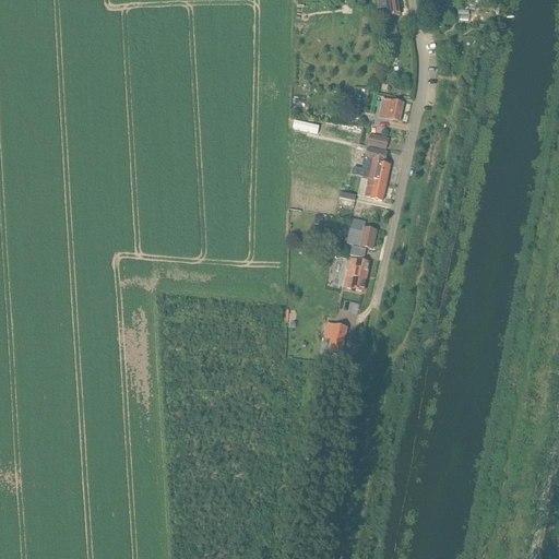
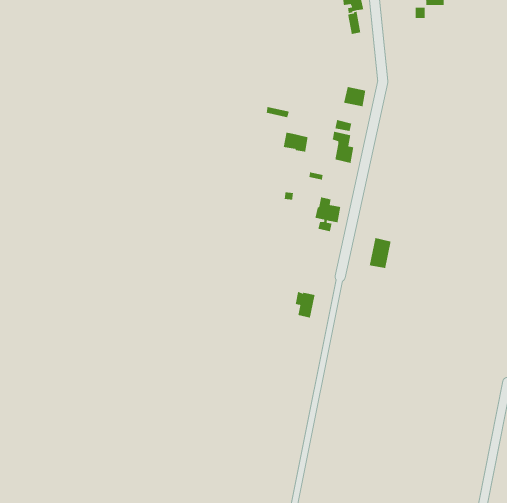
building: [358,175,386,198] -> [283,132,309,153]
building: [344,255,369,290] -> [369,237,392,269]

